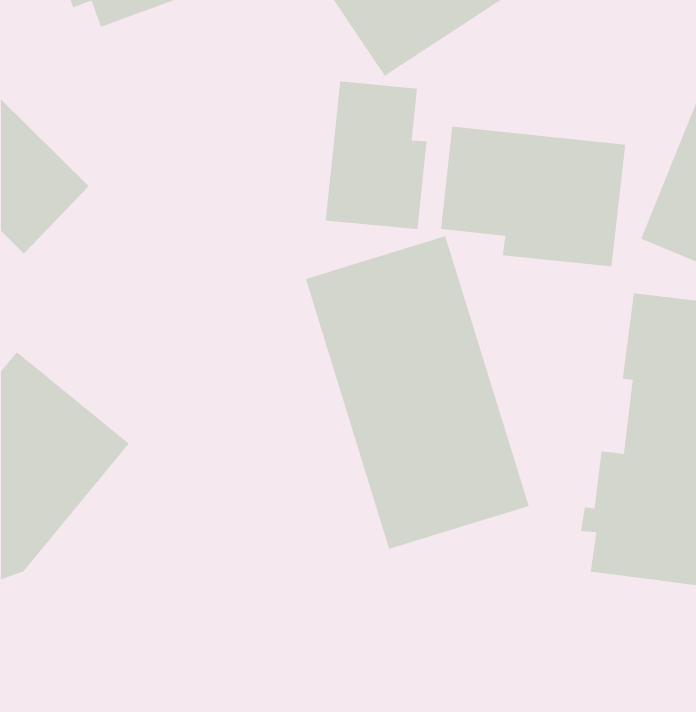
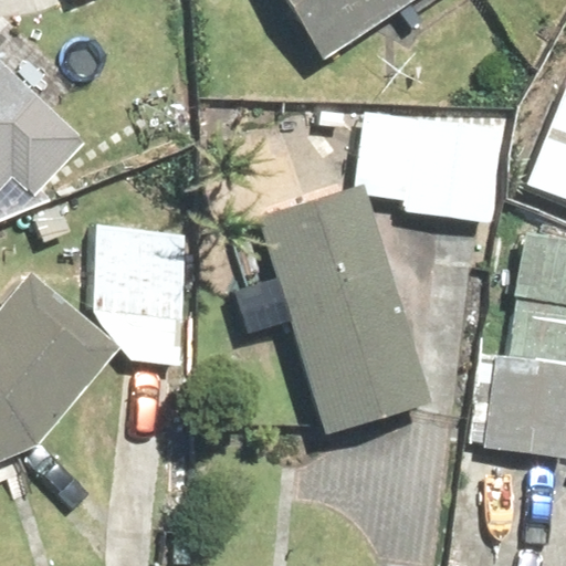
building: [325,80,428,230] -> none
building: none -> [84,216,196,322]

